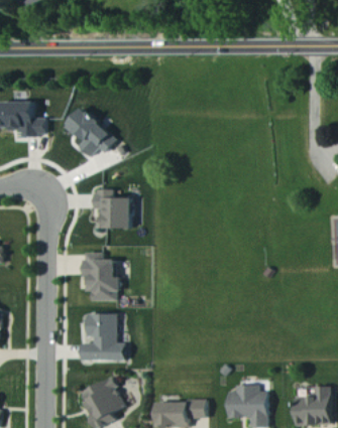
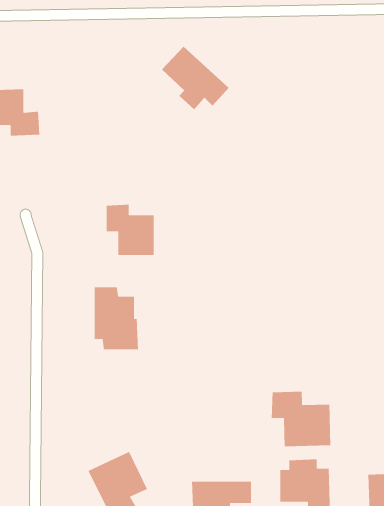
building: [62,107,114,156] -> [161,46,230,110]
building: [83,313,125,361] -> none
building: none -> [271,391,331,447]

